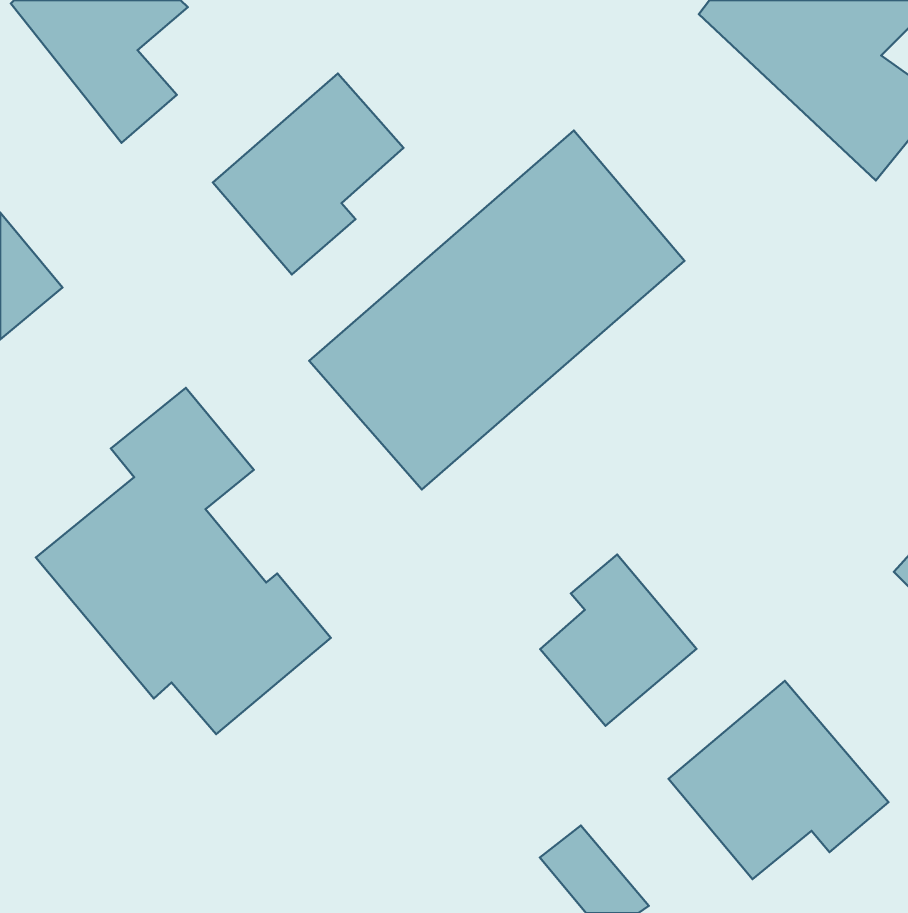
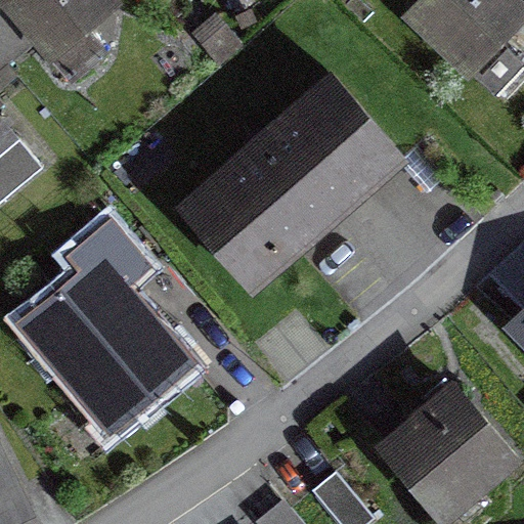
building: [213,74,404,275] -> none
building: [540,554,696,726] -> none

